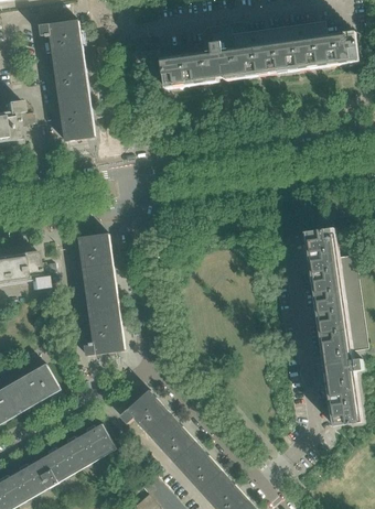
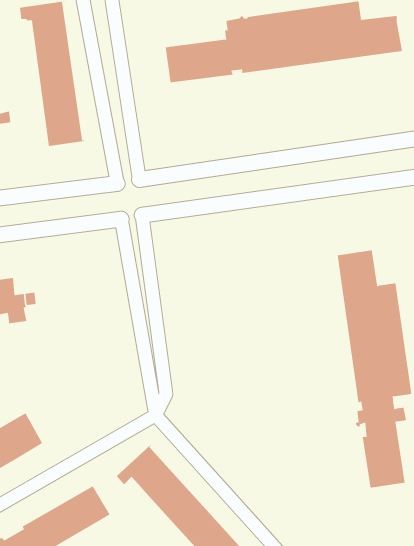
building: [78,232,125,355] -> none

